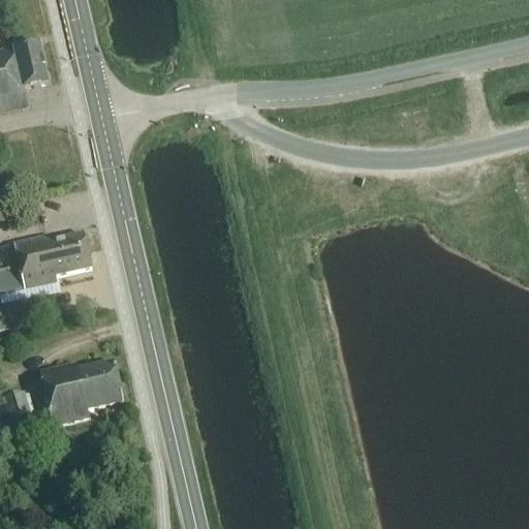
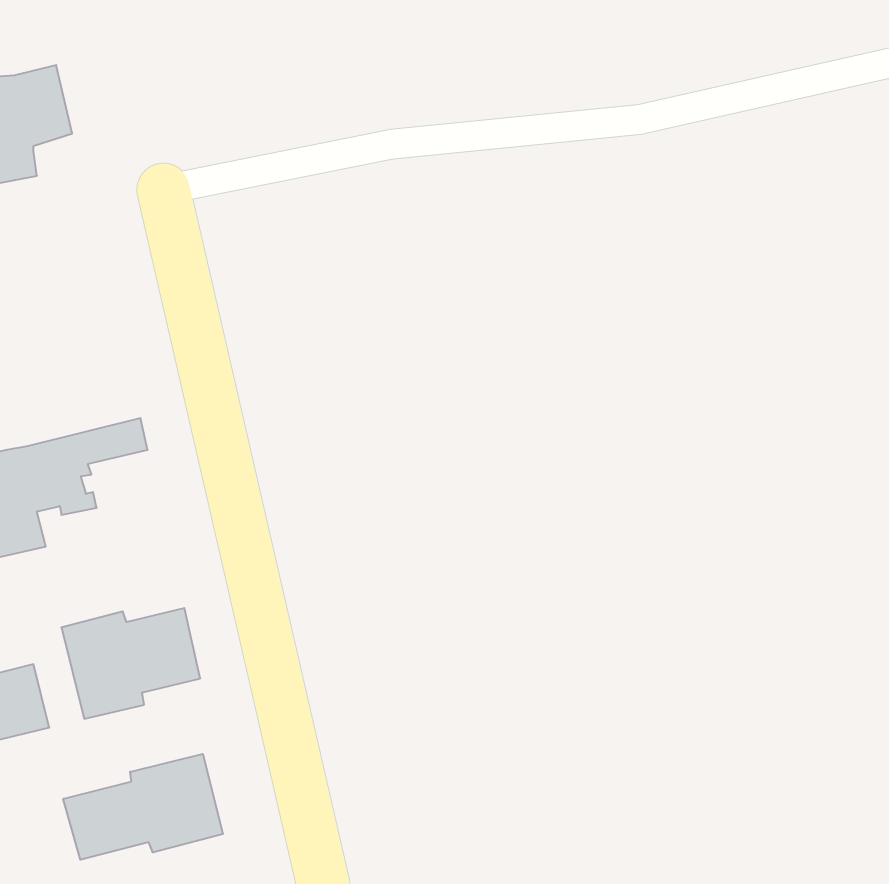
building: [11,229,83,262] -> none
building: none -> [63,754,223,860]

